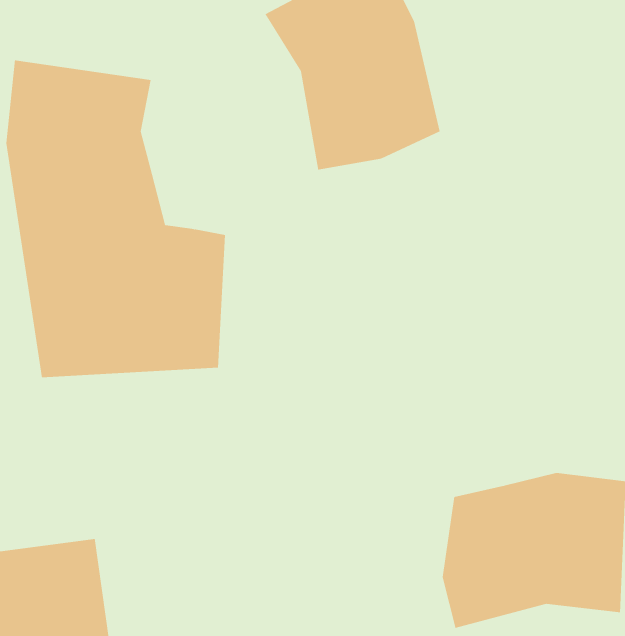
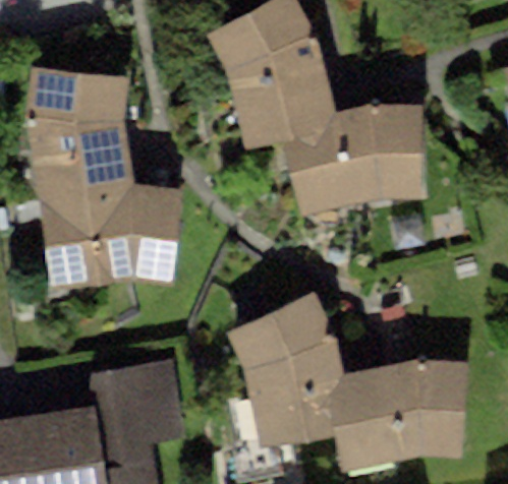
building: none -> [292,104,427,214]
building: none -> [215,292,343,447]
building: none -> [91,365,186,455]

